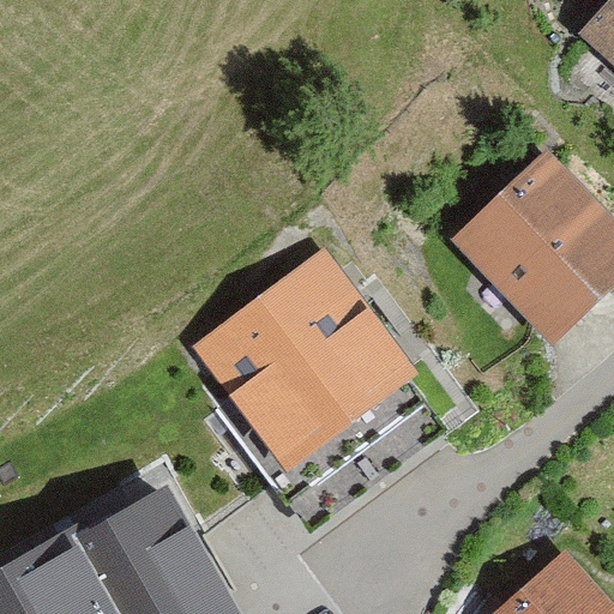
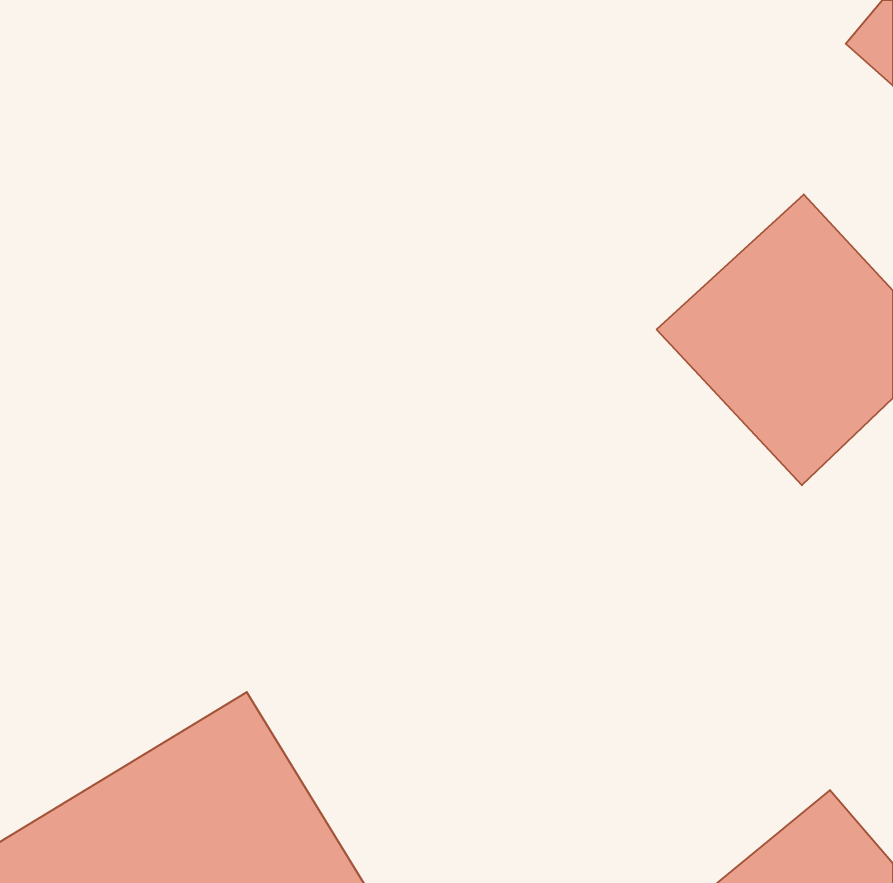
building: [192,253,416,474] -> none

